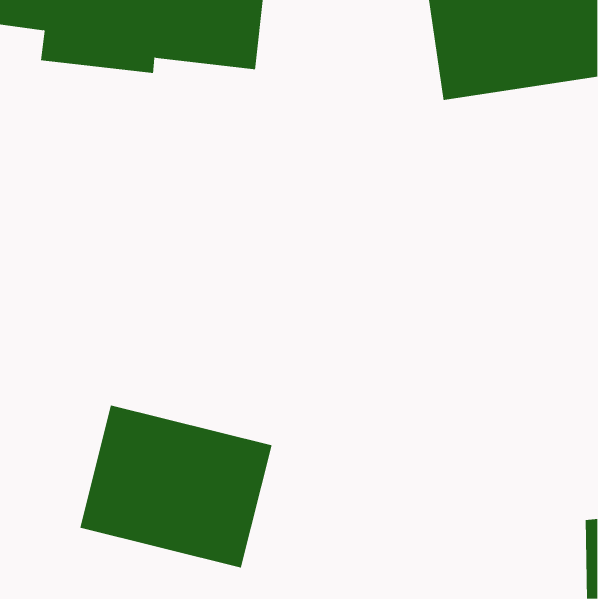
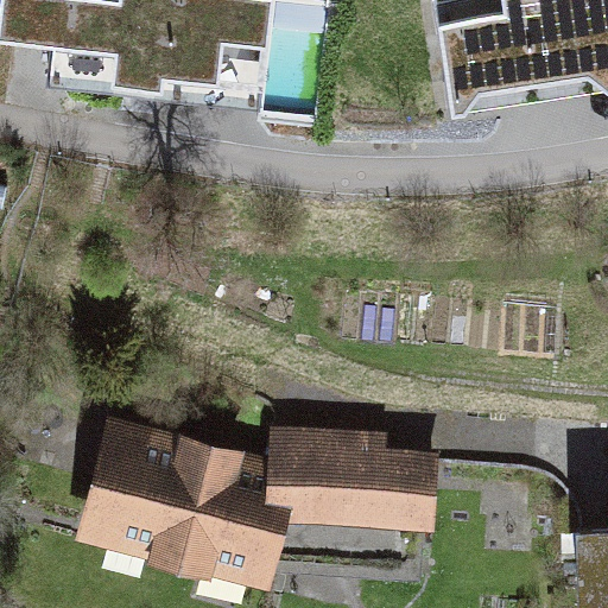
building: none -> [277,435,454,574]

